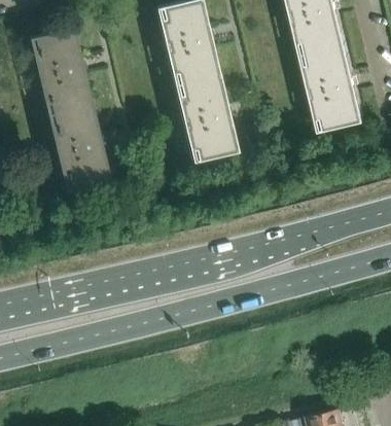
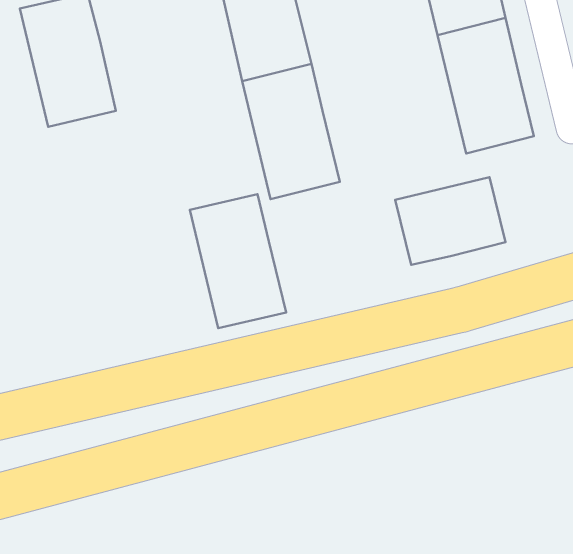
building: [47,105,110,192] -> [190,194,286,328]
building: none -> [395,177,505,265]

